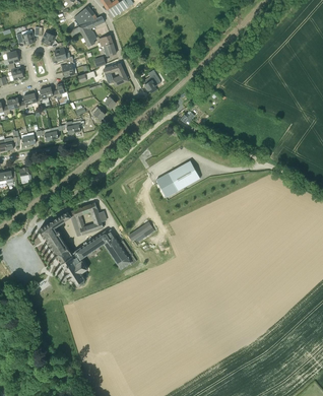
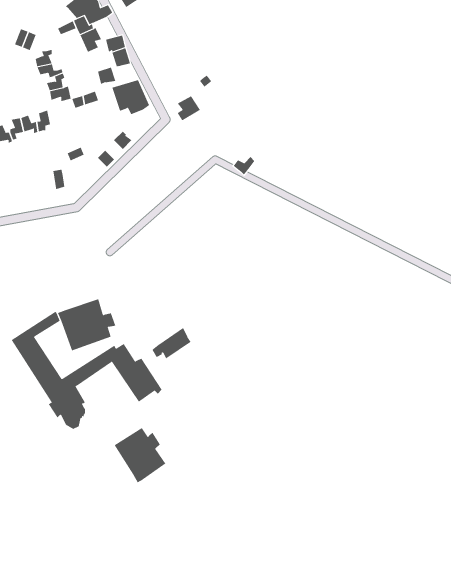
building: [155,160,199,197] -> none
building: none -> [114,427,166,483]

